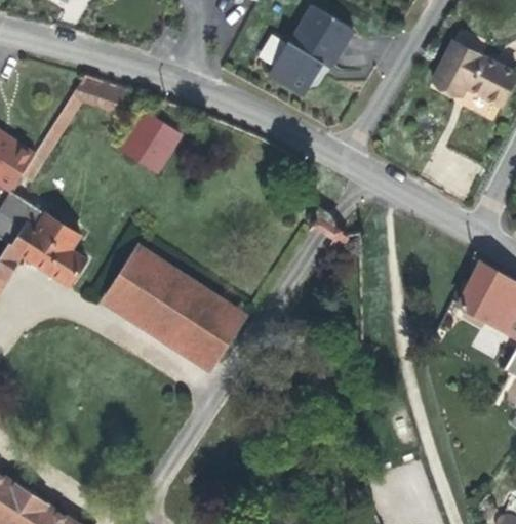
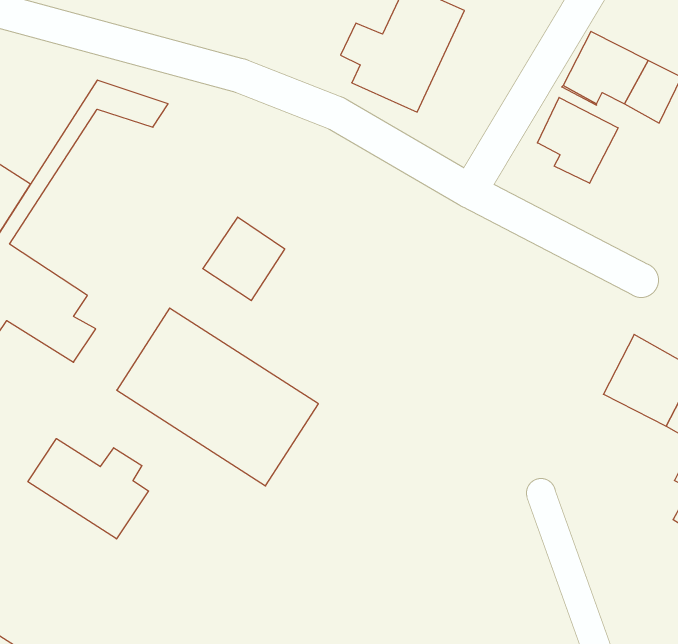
building: none -> [537,97,618,183]
building: [120,113,181,174] -> [203,217,285,301]
building: none -> [28,439,149,539]

